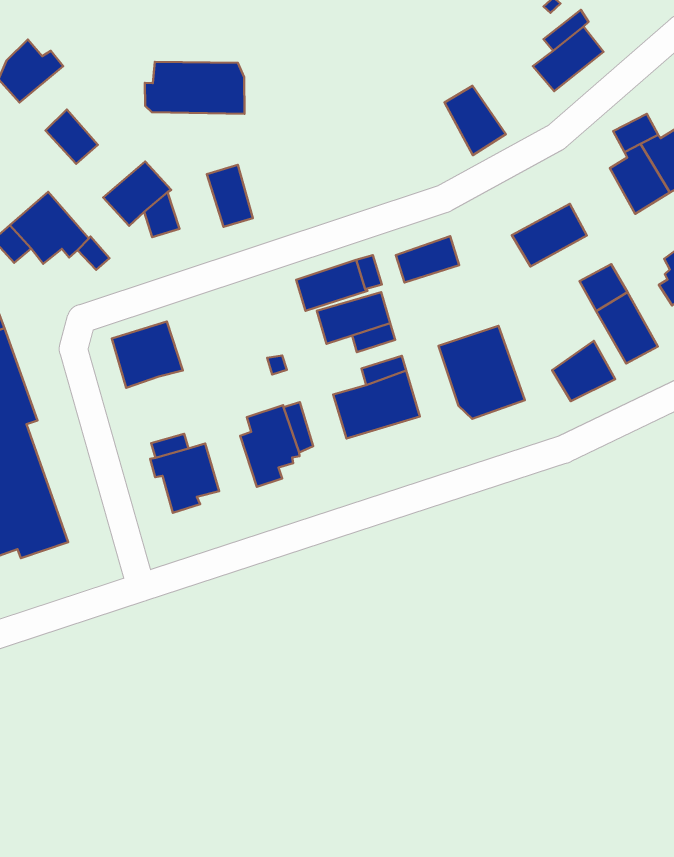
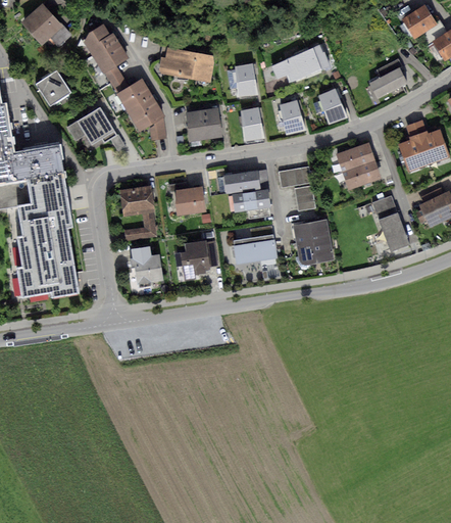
building: none -> [270,45,330,84]
building: none -> [225,63,257,97]
building: none -> [92,41,129,74]
building: none -> [278,101,302,135]
building: none -> [116,79,153,114]
building: none -> [240,107,262,142]
building: none -> [202,107,221,139]
building: none -> [336,143,374,172]
building: none -> [294,187,315,211]
building: none -> [174,187,204,215]
building: [552,341,615,401] -> none
building: none -> [122,213,156,241]

